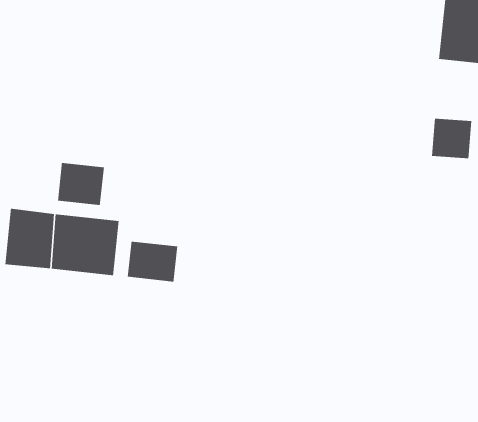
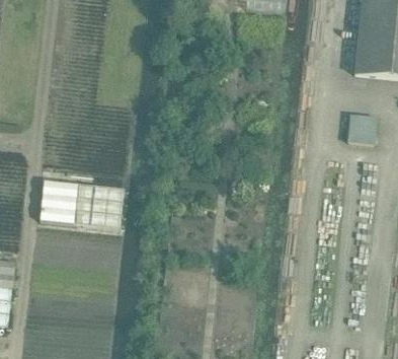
building: [57,162,104,206] -> none
building: [127,241,178,282] -> none

